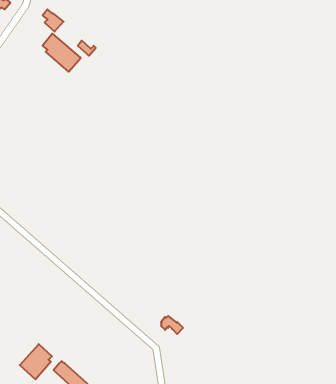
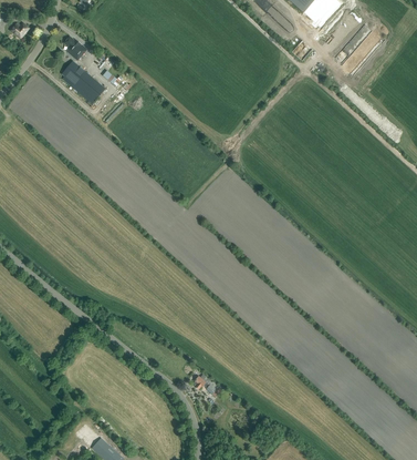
building: [20,344,52,379] -> none

